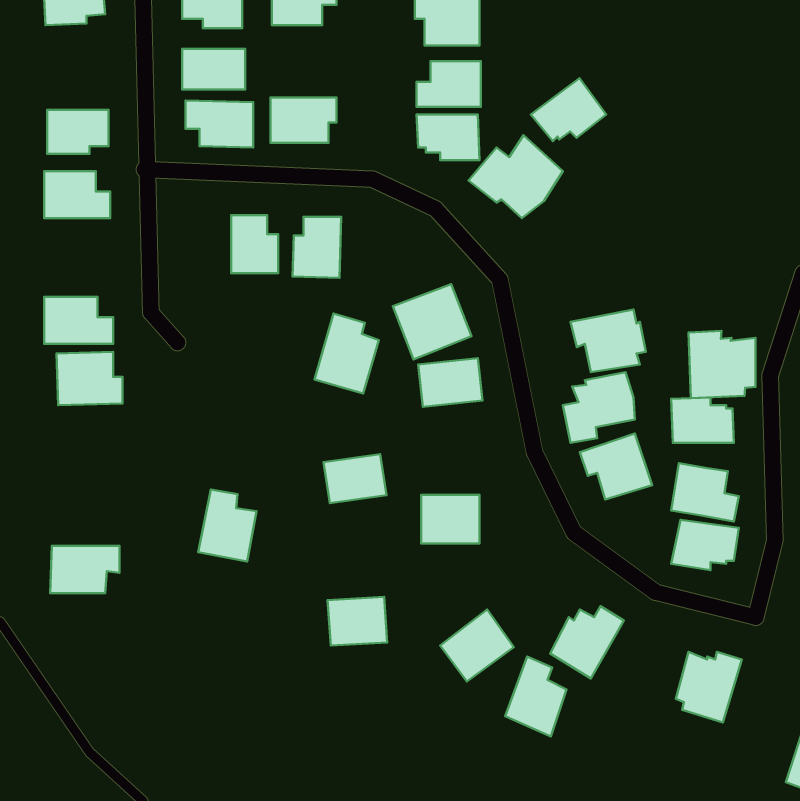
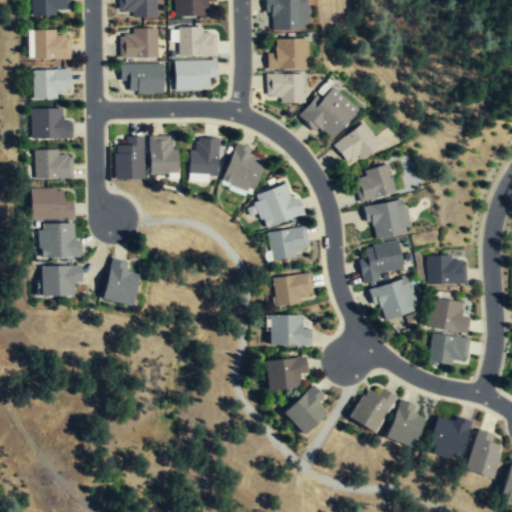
building: none -> [178,29,216,56]
building: none -> [32,32,70,59]
building: [531,78,606,141] -> [335,121,383,161]
building: none -> [116,134,146,177]
building: none -> [33,150,73,180]
building: none -> [357,162,398,201]
building: [315,314,379,394] -> [223,142,264,193]
building: [689,331,756,398] -> none
building: [324,454,386,503] -> [273,274,313,305]
building: [198,489,256,562] -> [102,260,139,306]
building: [50,546,119,593] -> [39,266,83,296]
building: [328,597,387,646] -> [264,359,302,390]
building: [505,656,566,736] -> [388,397,427,448]
building: none -> [468,427,503,478]

